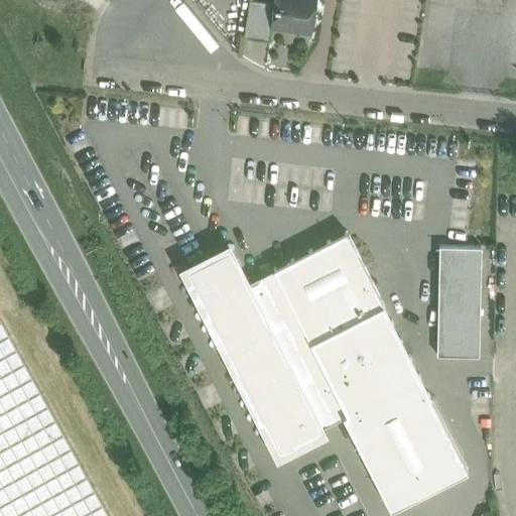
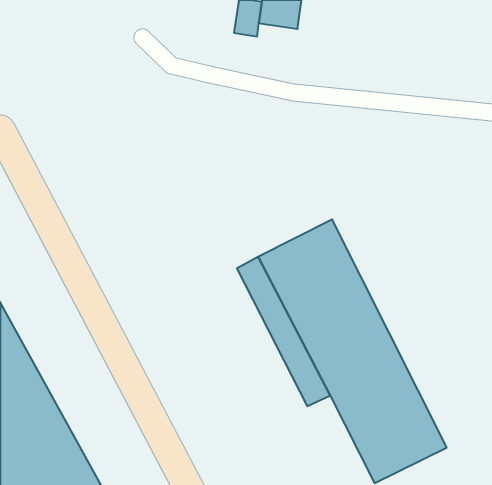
building: [185,247,321,455] -> none
building: [437,252,481,361] -> none

